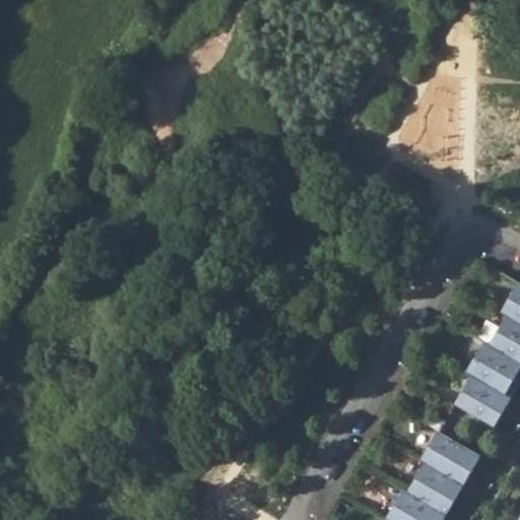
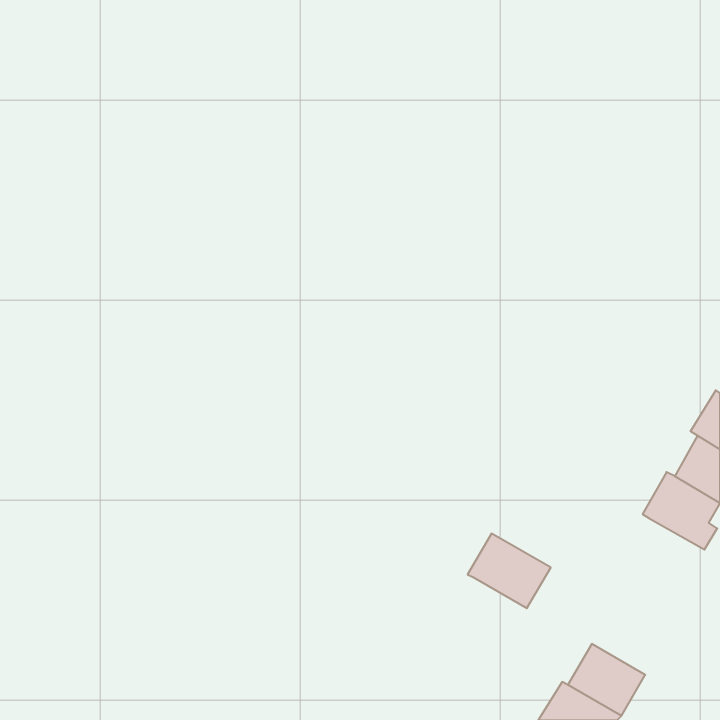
building: [451,374,508,422] -> none
building: [422,433,482,486] -> [468,534,551,608]

